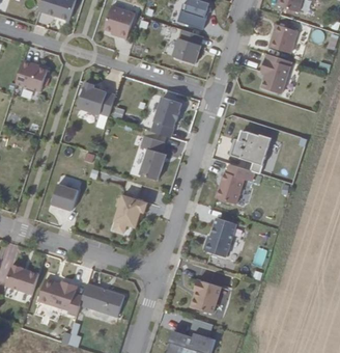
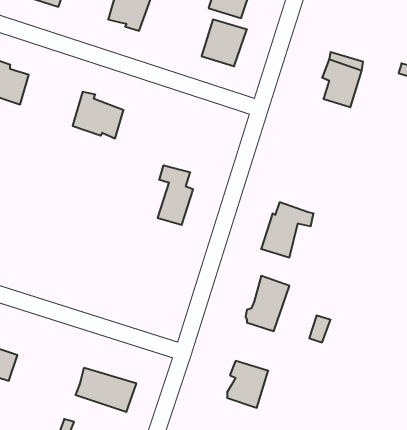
building: [268,25,298,53] -> none
building: [150,96,181,137] -> none
building: [233,130,270,173] -> none
building: [51,184,78,210] -> none
building: [115,194,147,227] -> none
building: [37,279,83,317] -> none

